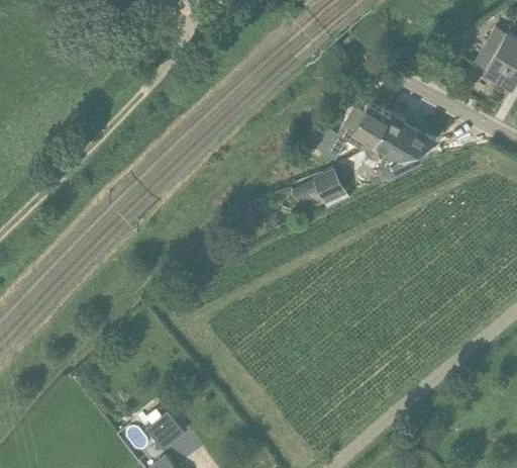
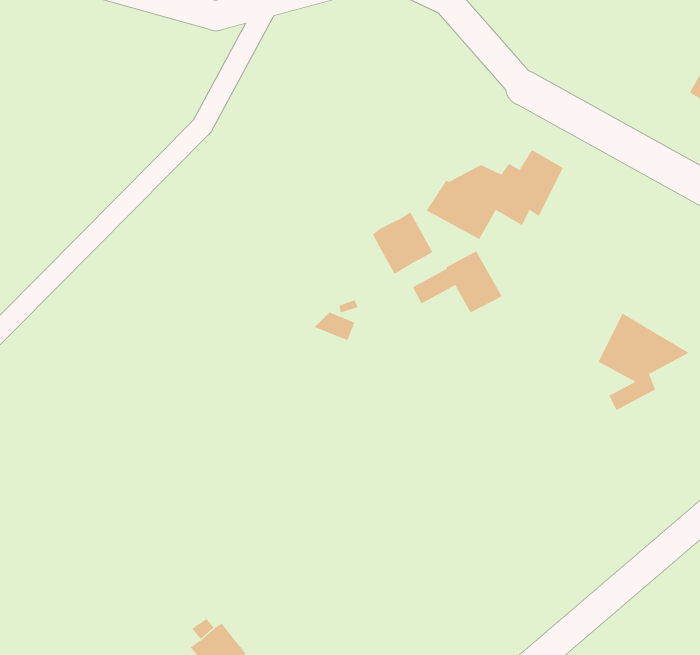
building: [375,114,435,179] -> [598,313,690,411]
building: none -> [372,212,433,275]

